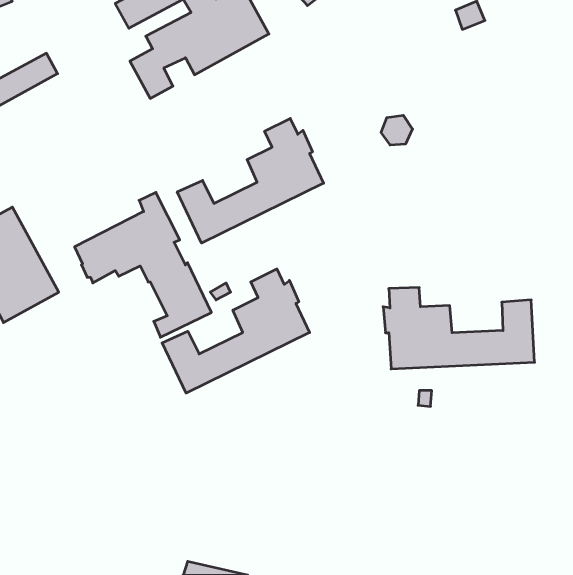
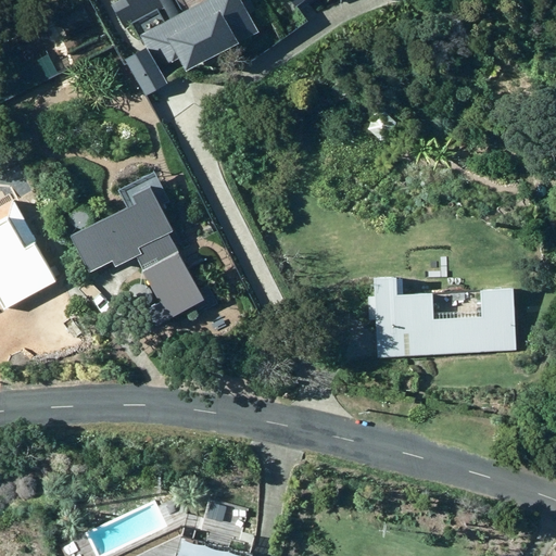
building: [177,118,324,243] -> none
building: [162,269,310,393] -> none

